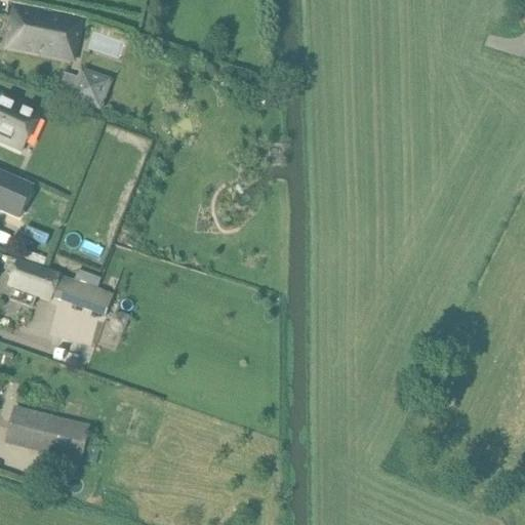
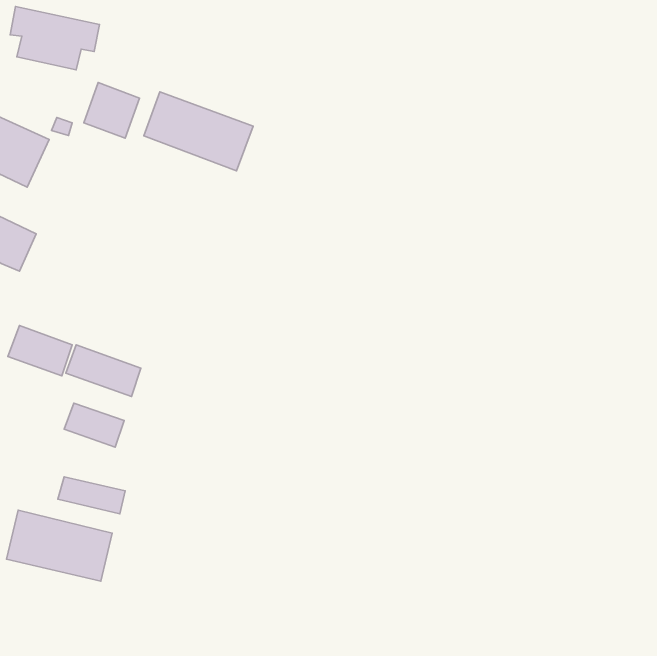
building: none -> [144,92,253,171]
building: none -> [64,403,124,447]
building: none -> [58,477,125,514]

